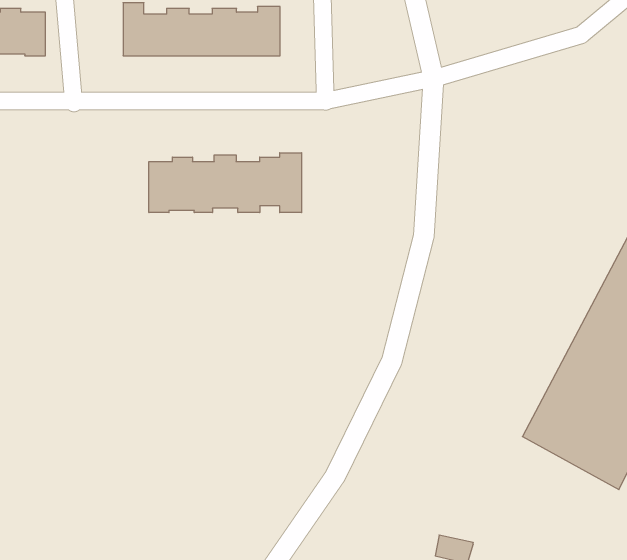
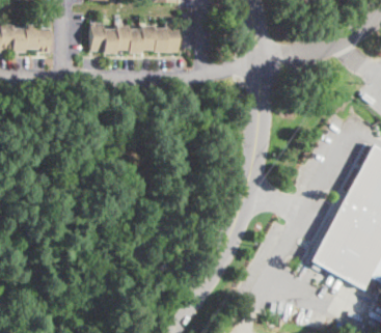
building: [149,153,302,213] -> none

